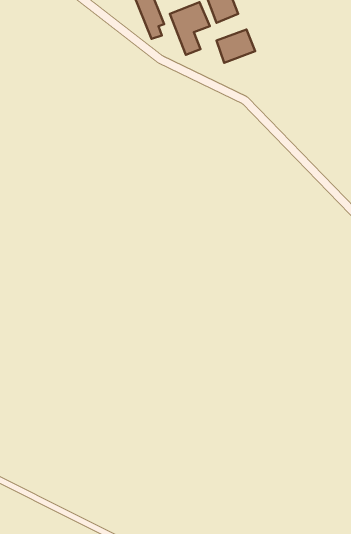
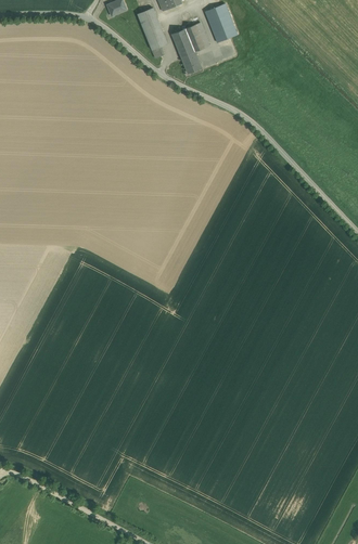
building: [216,29,255,63] -> none

